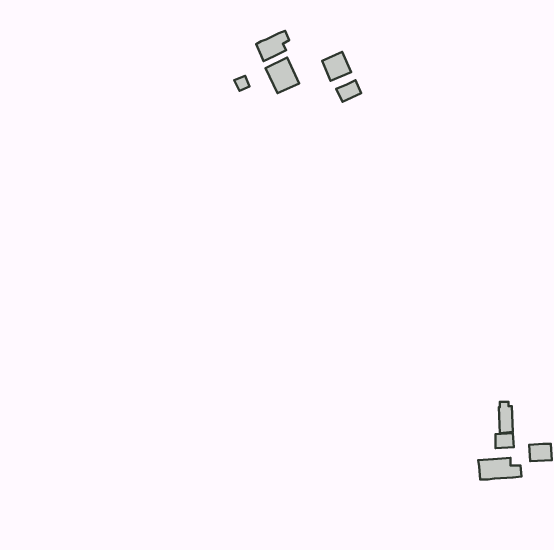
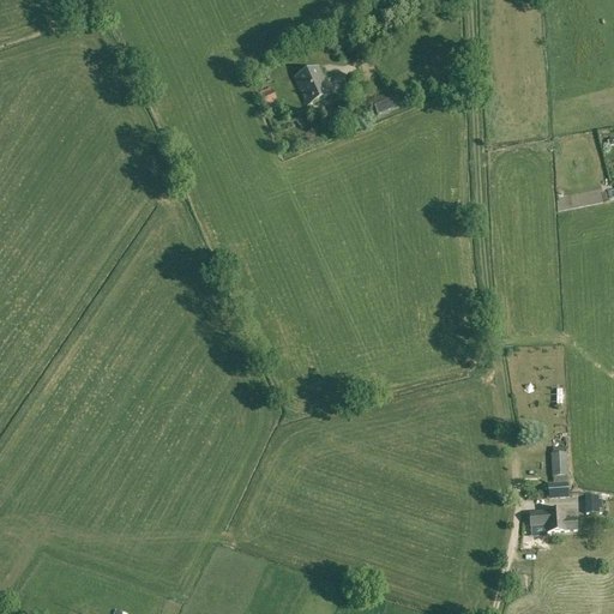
building: [256,31,289,61] -> none
building: [322,52,351,81] -> none

